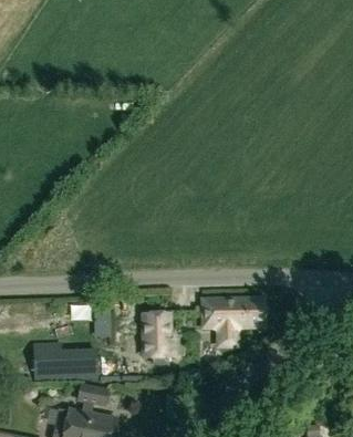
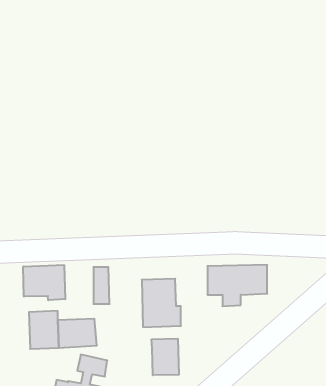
building: none -> [23,265,65,300]
building: none -> [152,339,179,375]

